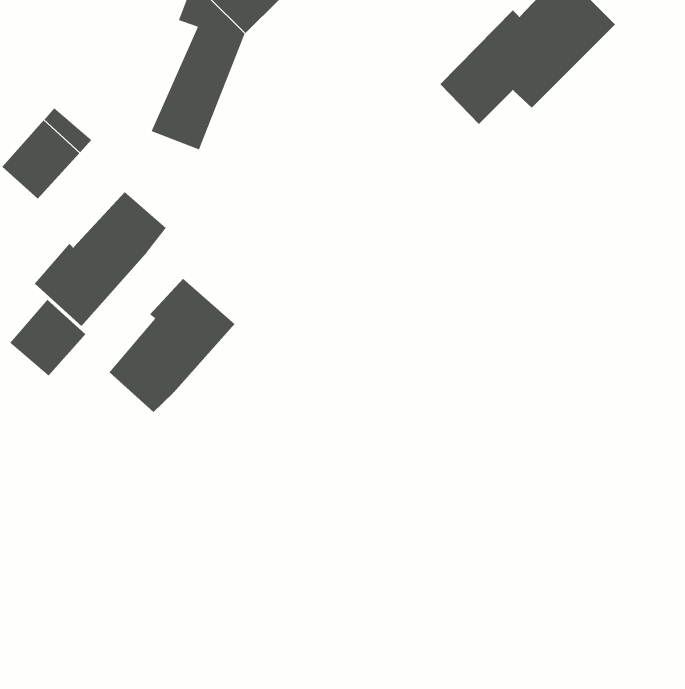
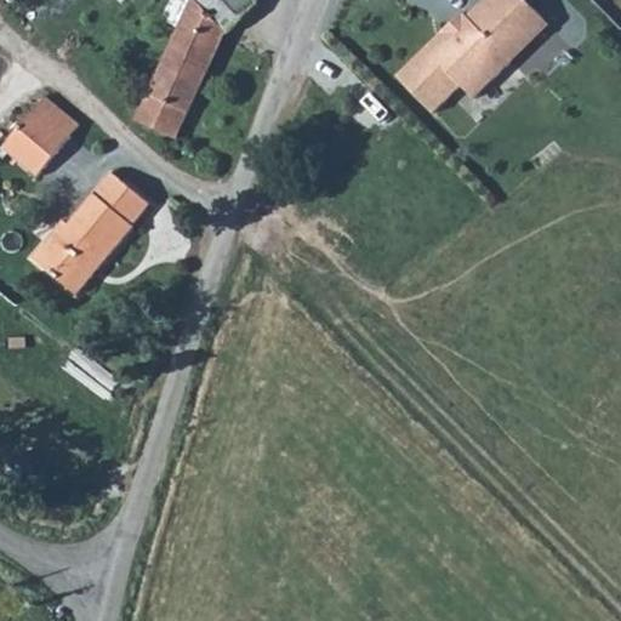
building: [109,278,236,413] -> none
building: [9,299,86,377] -> none

